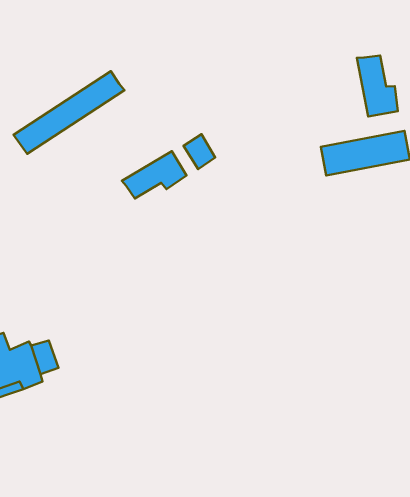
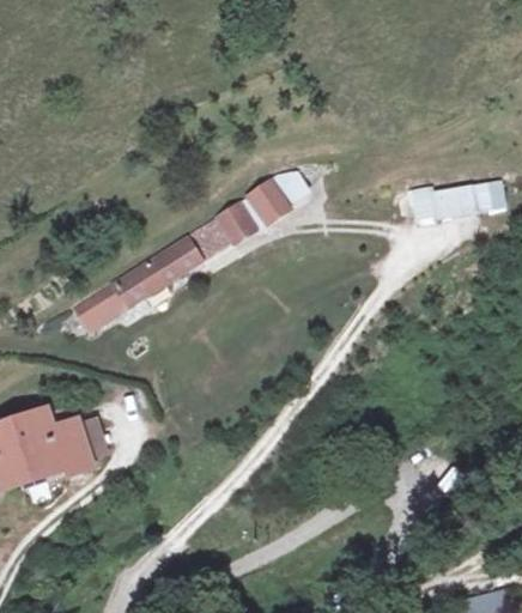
building: [357,55,398,117] -> none
building: [13,71,125,154] -> [75,239,201,333]

